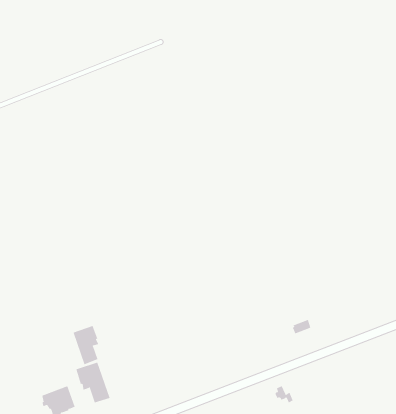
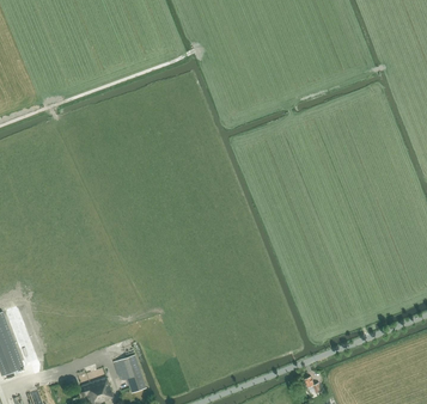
building: [73,325,99,365] -> none

